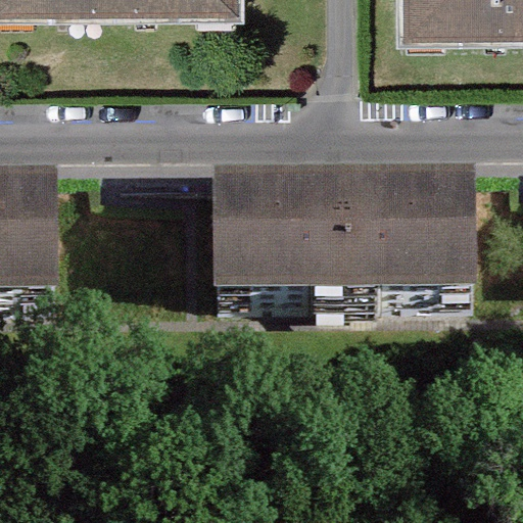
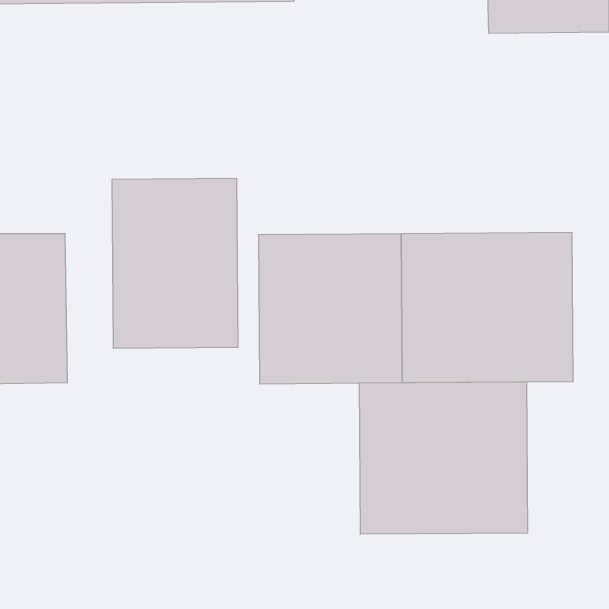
building: none -> [112,178,238,348]
building: none -> [359,382,528,534]

